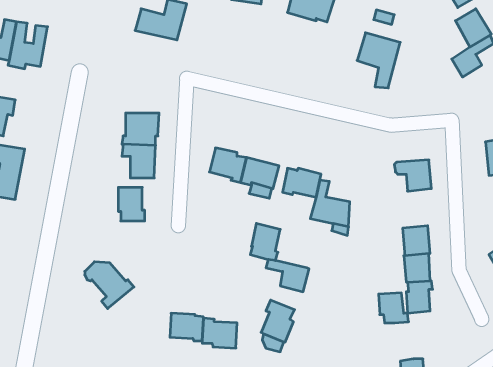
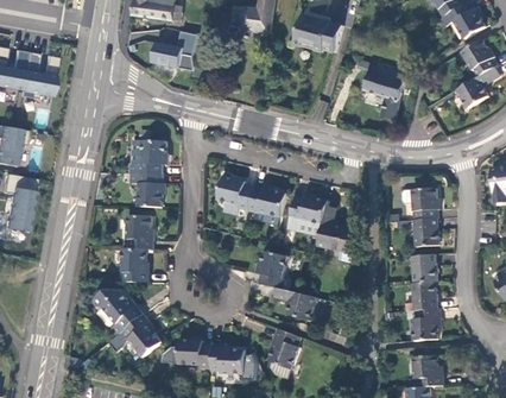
building: none -> [412,216,438,246]
building: none -> [121,247,148,280]
building: none -> [122,314,162,356]
building: [379,293,409,323] -> [412,355,442,385]

